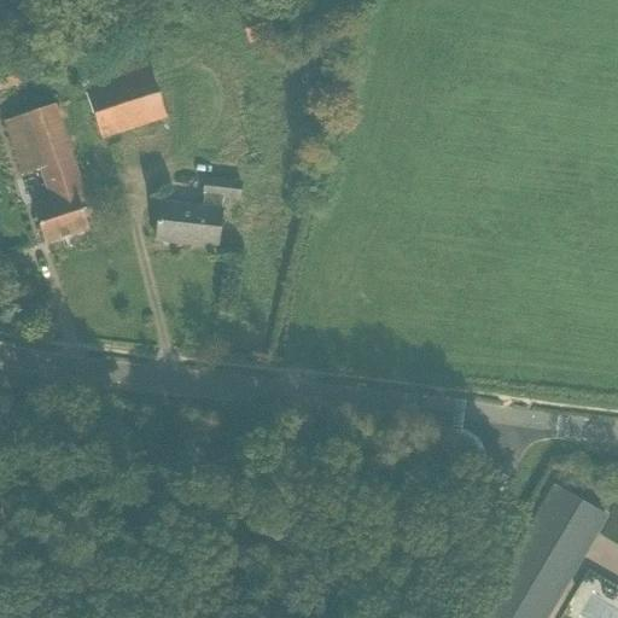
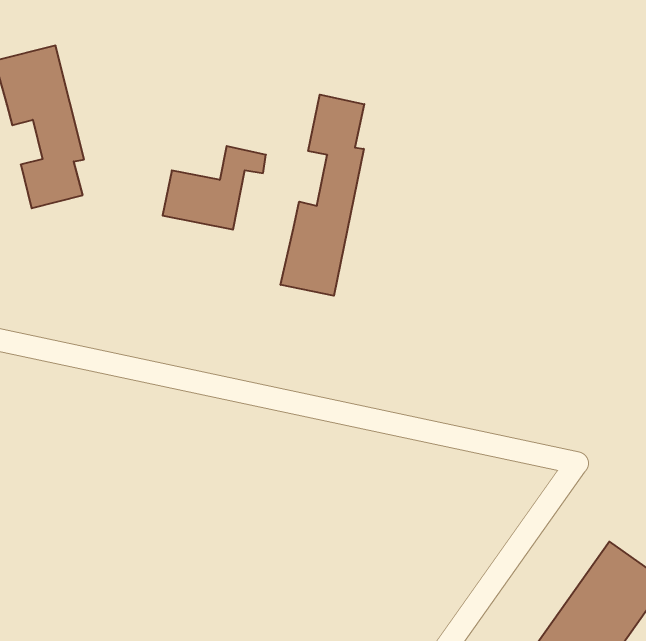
building: [87,72,167,139] -> none
building: none -> [281,95,364,296]

